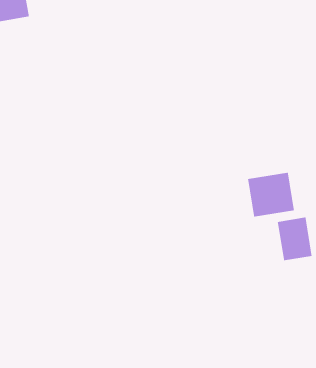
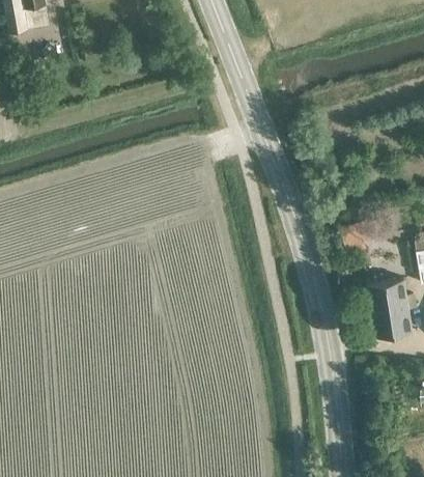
building: [247,172,295,218] -> none

